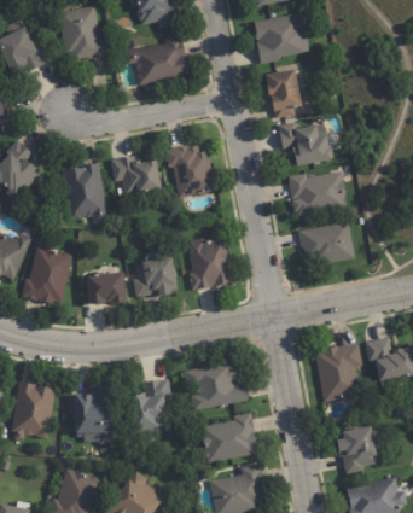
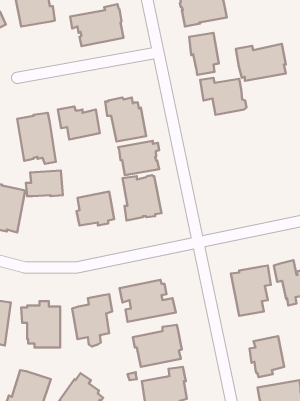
building: [286,170,345,214] -> [236,44,286,81]
building: none -> [118,141,159,175]
building: [297,221,354,264] -> none
building: [81,273,124,303] -> [26,171,63,196]

